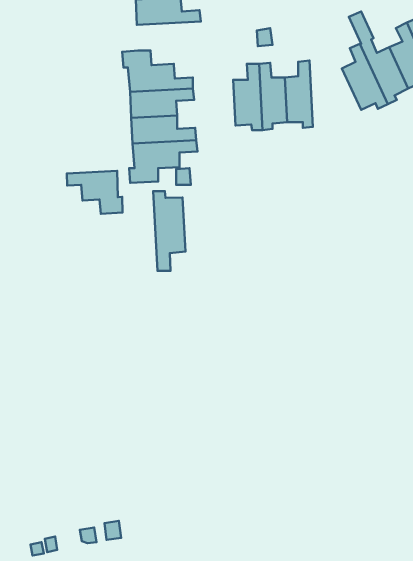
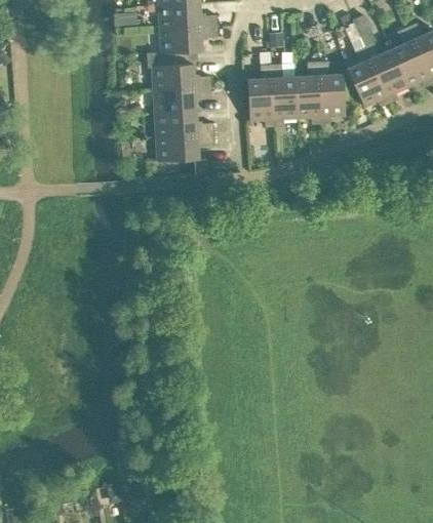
building: none -> [159,25,218,65]
building: none -> [317,61,345,121]
building: [67,171,123,214] -> none
building: [153,191,185,271] -> none

